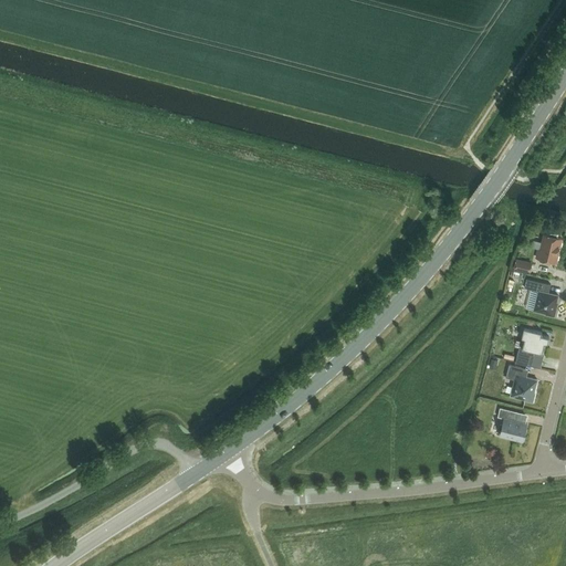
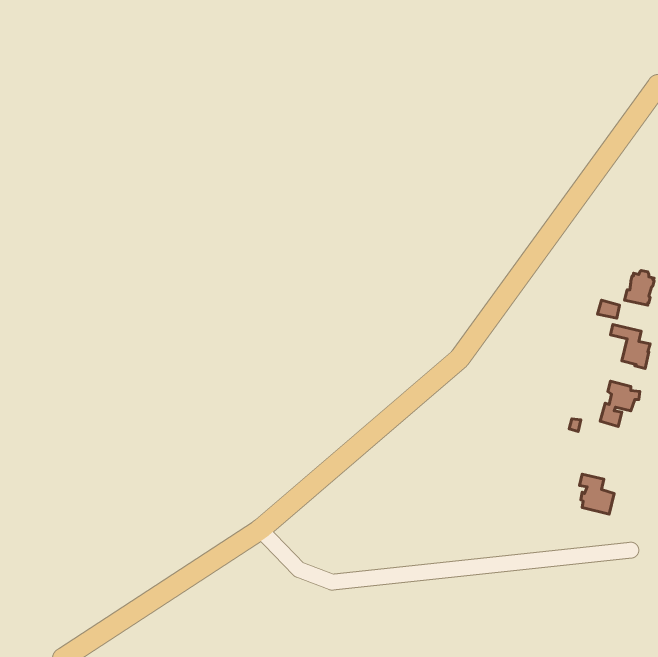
building: [506,365,537,402] -> none

